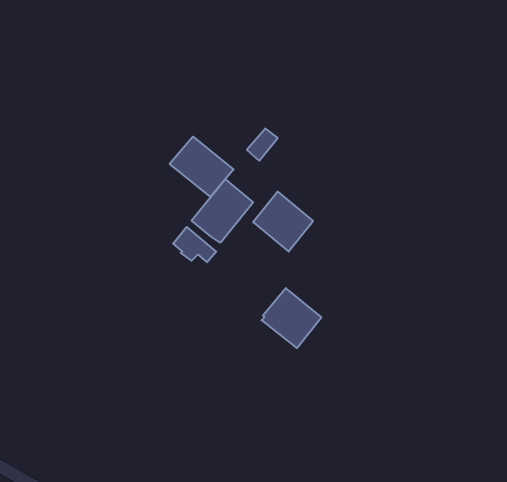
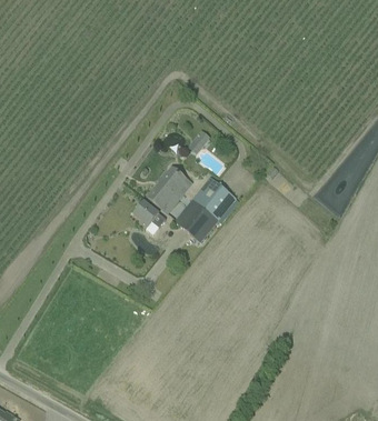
building: [170,137,234,197] -> none
building: [261,288,321,348] -> [173,198,217,241]

